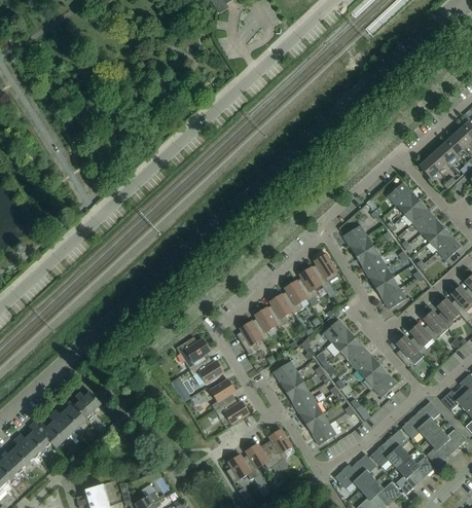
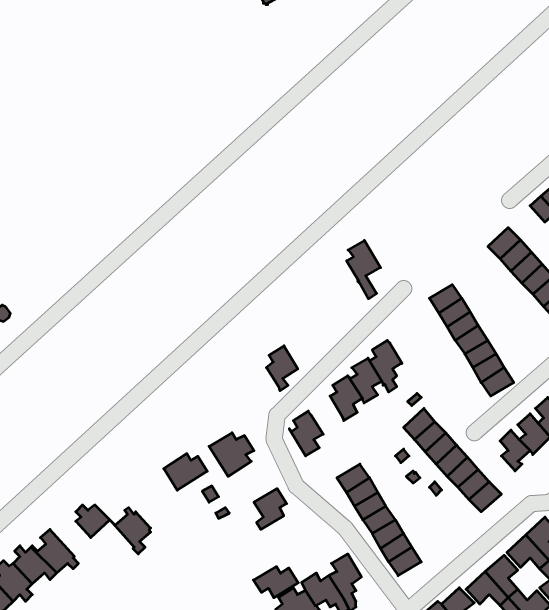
building: [313,253,338,297] -> [347,240,381,299]
building: [253,306,277,340] -> [266,346,298,391]
building: [190,358,223,386] -> [164,454,207,490]
building: [215,399,249,423] -> [253,567,298,598]
building: [56,400,86,435] -> [110,508,151,554]

